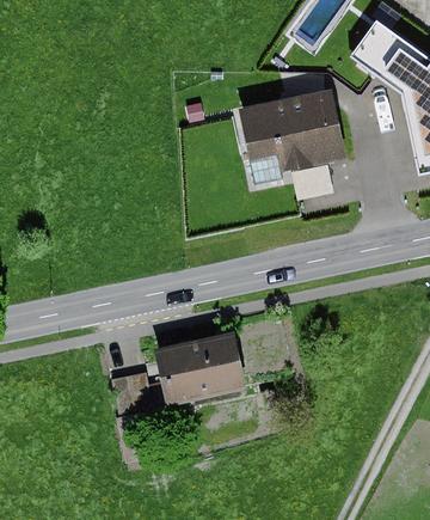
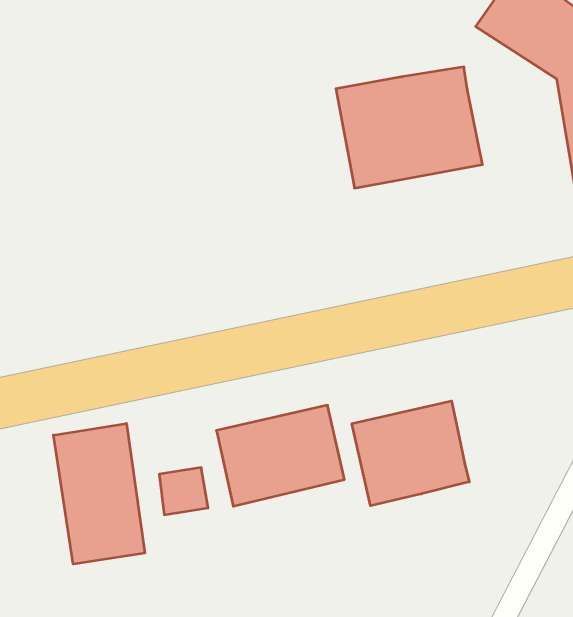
building: none -> [352,401,469,506]
building: none -> [53,423,145,564]

